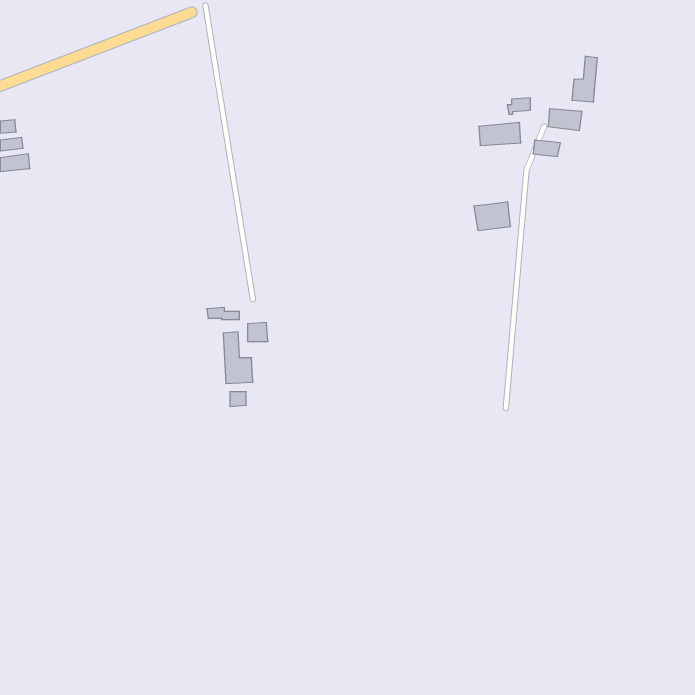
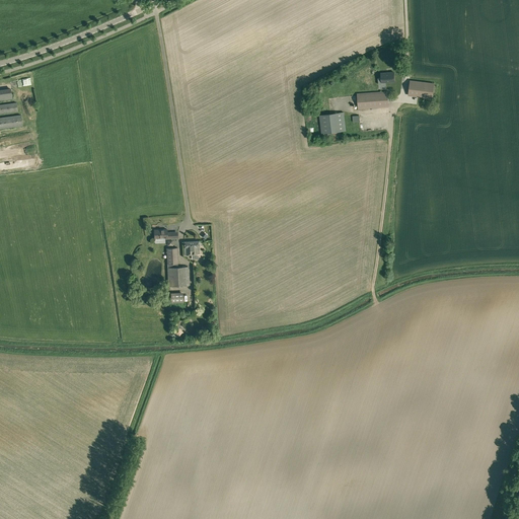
building: [572,56,597,102] -> none
building: [474,202,511,231] -> [319,112,347,133]

